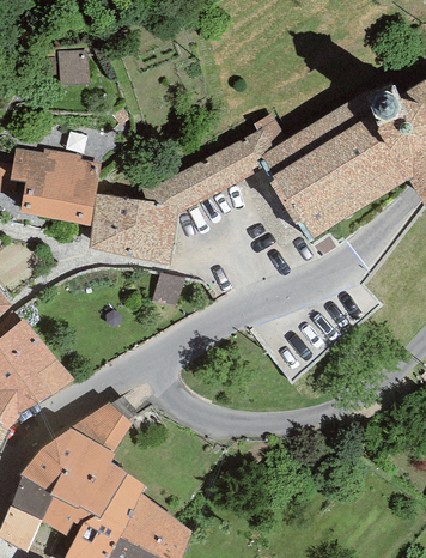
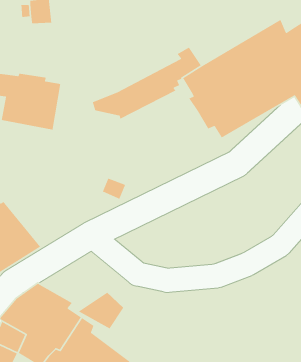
building: [87,195,177,266] -> none
building: [68,402,130,453] -> [77,292,124,330]

